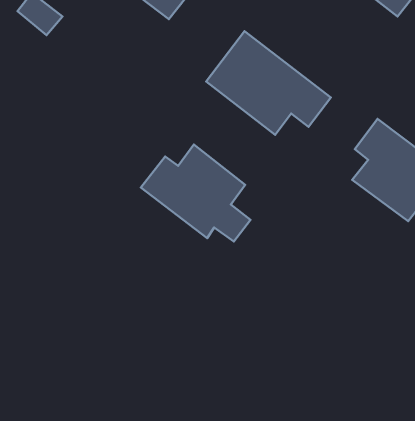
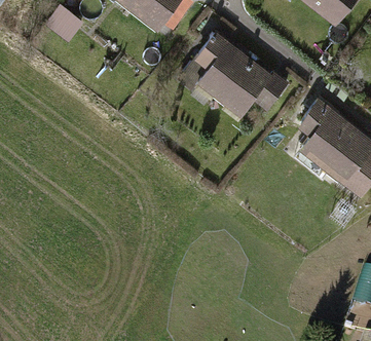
building: [141,144,251,242] -> none

